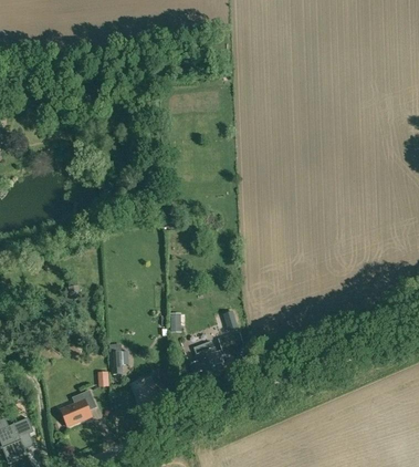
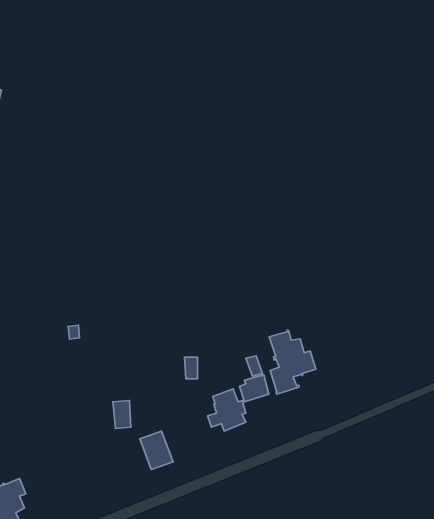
building: none -> [269,330,316,394]
building: [61,393,92,426] -> none

